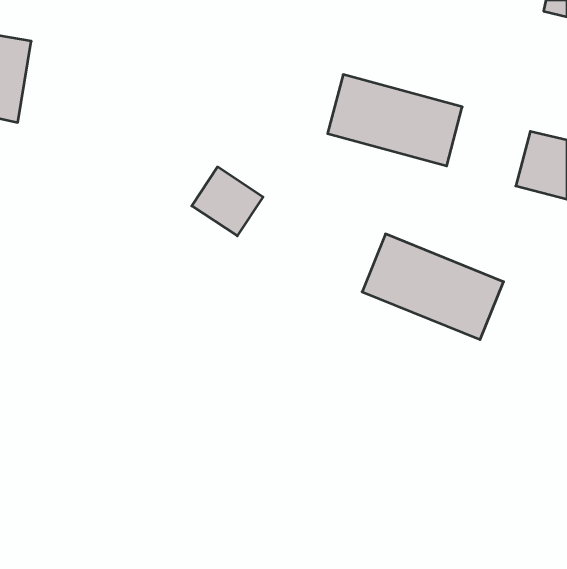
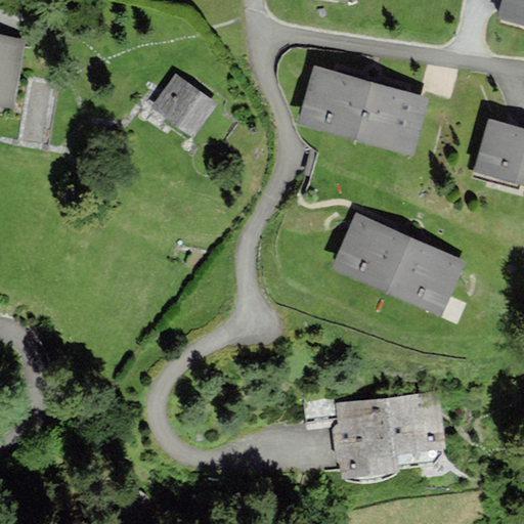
building: [192,167,263,236] -> [152,77,218,140]
building: none -> [335,394,442,476]

